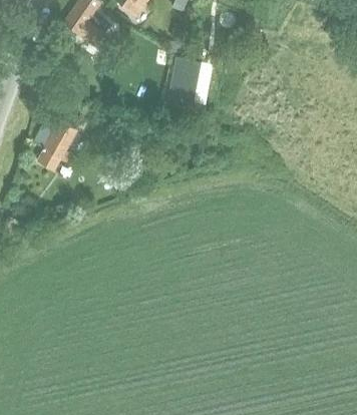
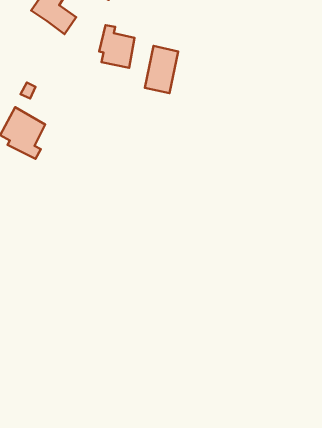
building: none -> [99,25,135,68]

